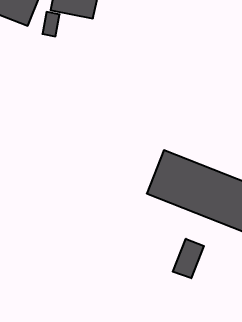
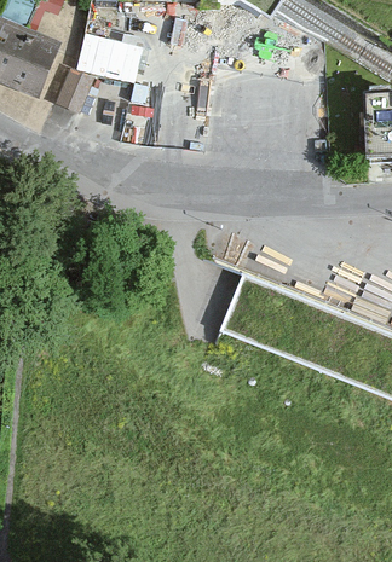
building: [173,239,204,278] -> none

